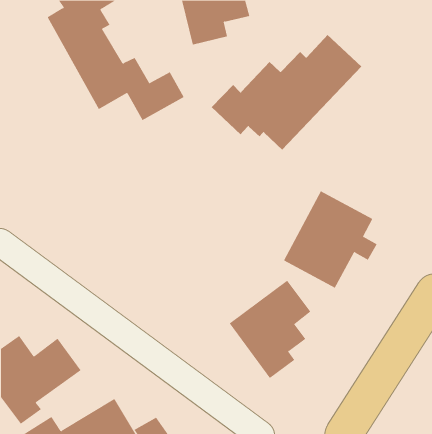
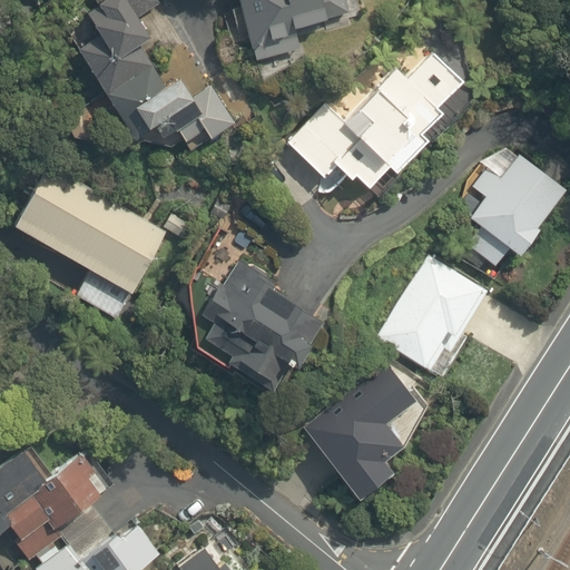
building: none -> [466,148,562,264]
building: none -> [9,164,167,316]
building: none -> [202,262,324,387]

